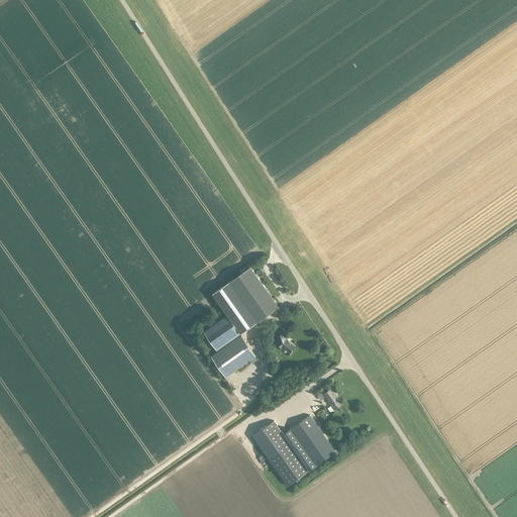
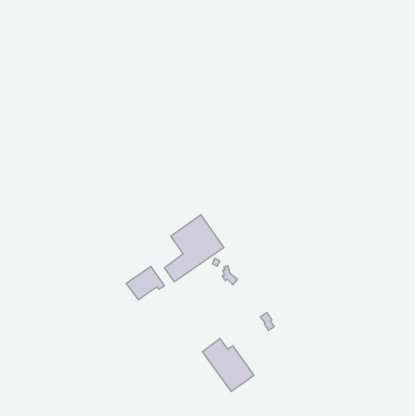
building: [210,335,257,377] -> [126,266,165,300]
building: [289,415,335,466] -> none

